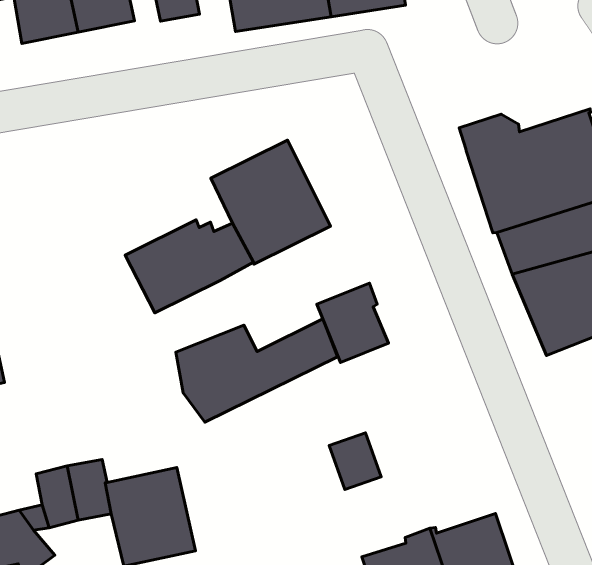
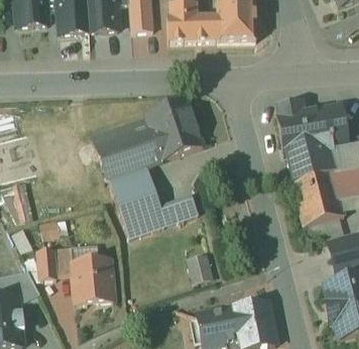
building: none -> [109,165,153,199]
building: [317,283,388,363] -> none

